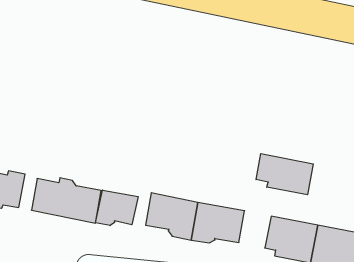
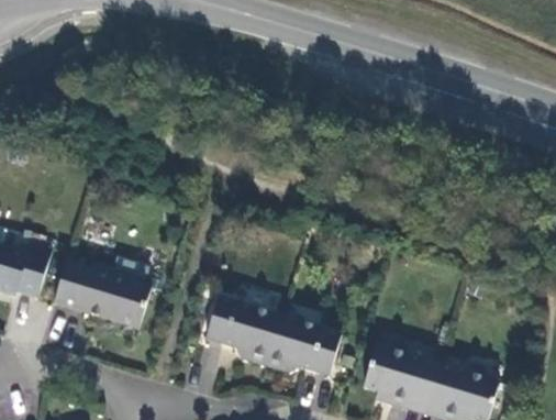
building: [256,154,313,195] -> none
building: [96,190,138,226] -> none

